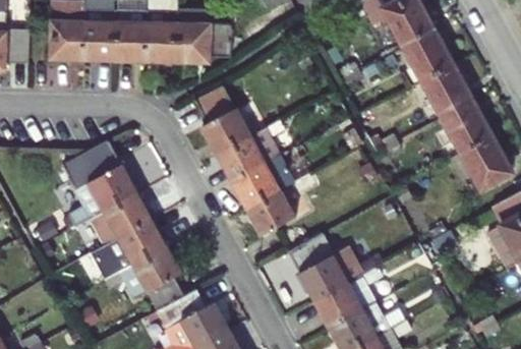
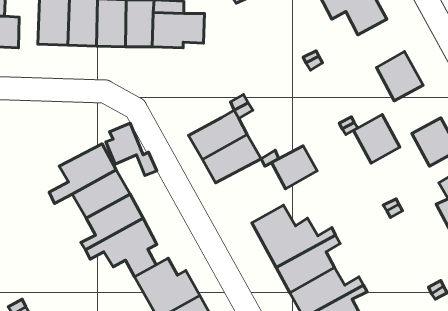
building: [401,30,452,82] -> none
building: [193,86,251,157] -> none
building: [441,102,491,155] -> [353,115,400,163]
building: [62,142,121,190] -> none
building: [245,190,295,237] -> [271,146,317,189]

